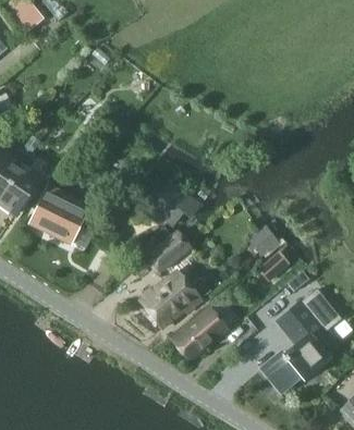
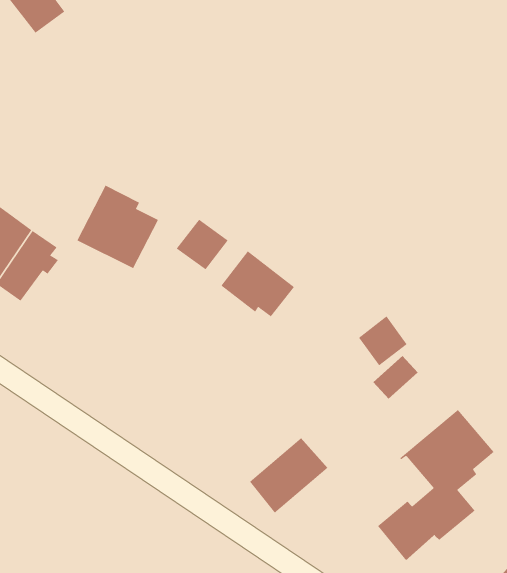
building: none -> [176,219,229,270]
building: [32,187,88,245] -> [77,185,159,269]
building: [147,234,188,272] -> none
building: [138,271,199,329] -> none

